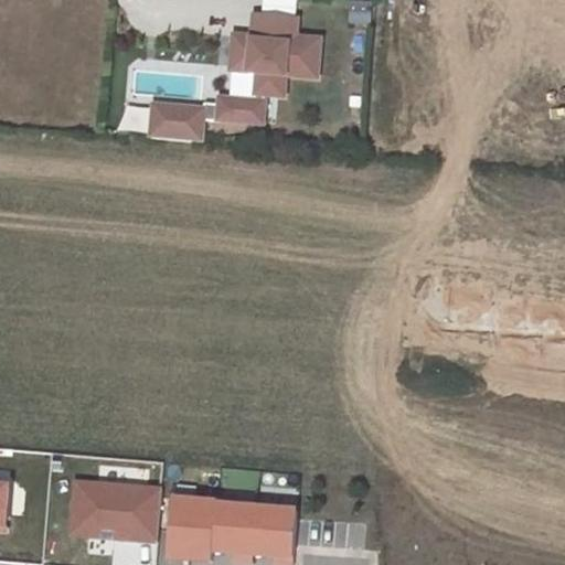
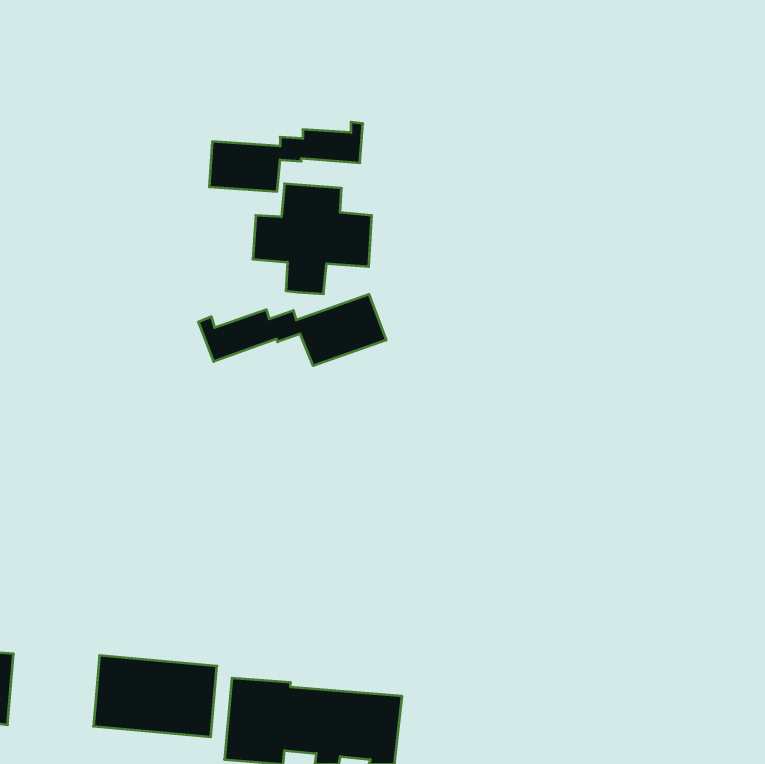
building: [233,11,320,92] -> [253,184,372,294]
building: none -> [198,294,386,366]

